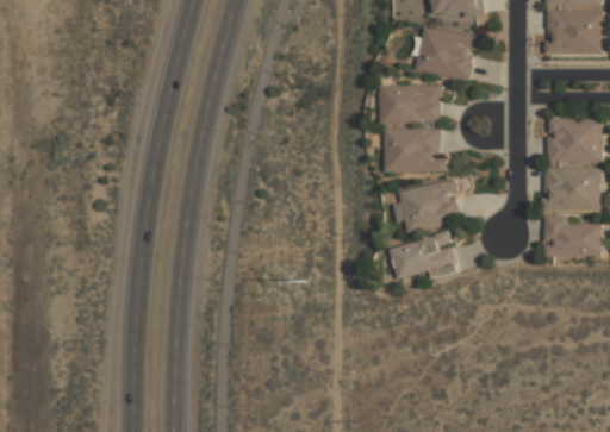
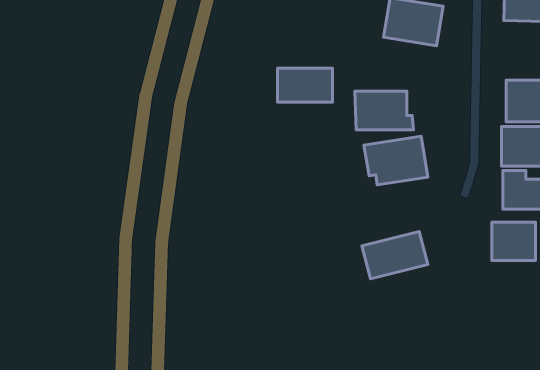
building: [379,86,438,123] -> [277,68,333,102]
building: [387,230,459,281] -> [362,231,428,279]
building: none -> [492,222,535,261]

